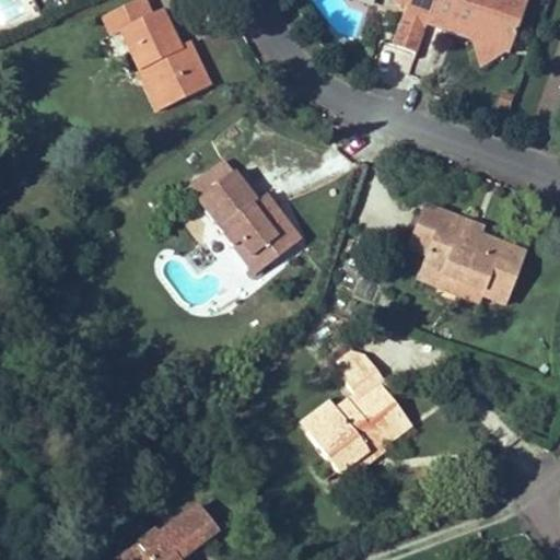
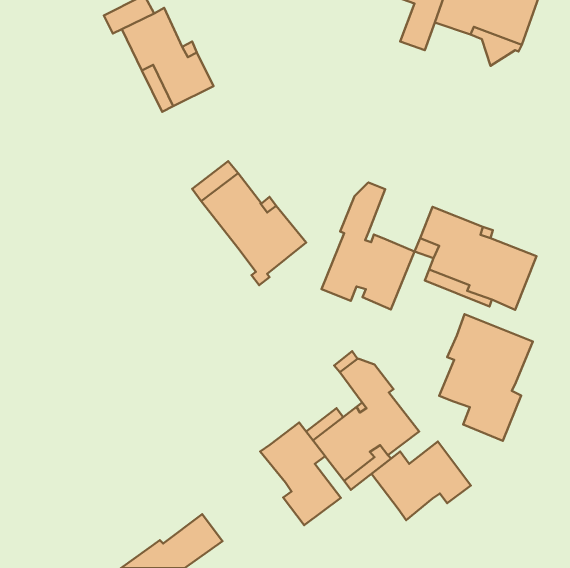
building: none -> [321,183,415,309]
building: none -> [439,314,533,441]
building: none -> [260,423,341,525]
building: none -> [371,441,471,520]

